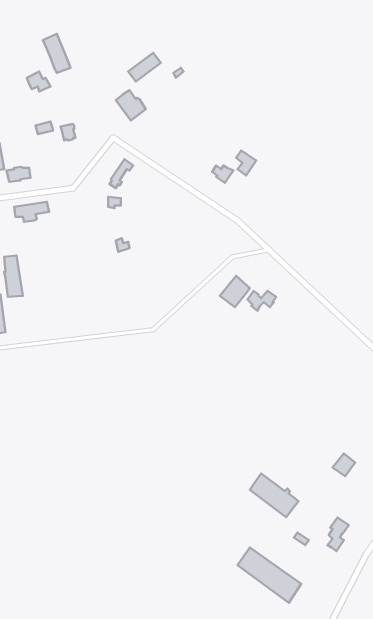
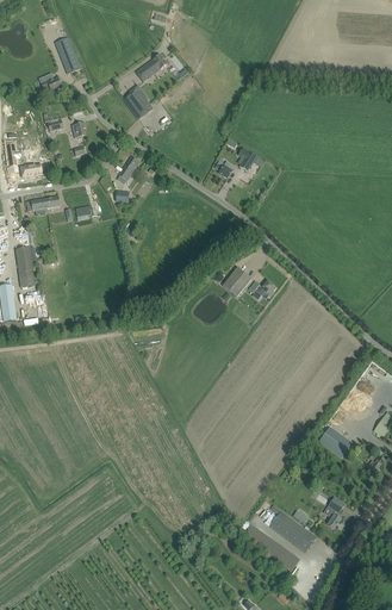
building: [250,473,299,517] -> [269,510,316,552]

